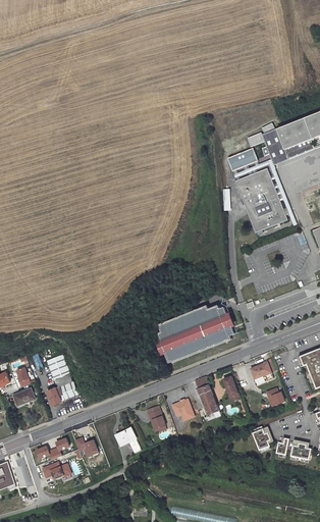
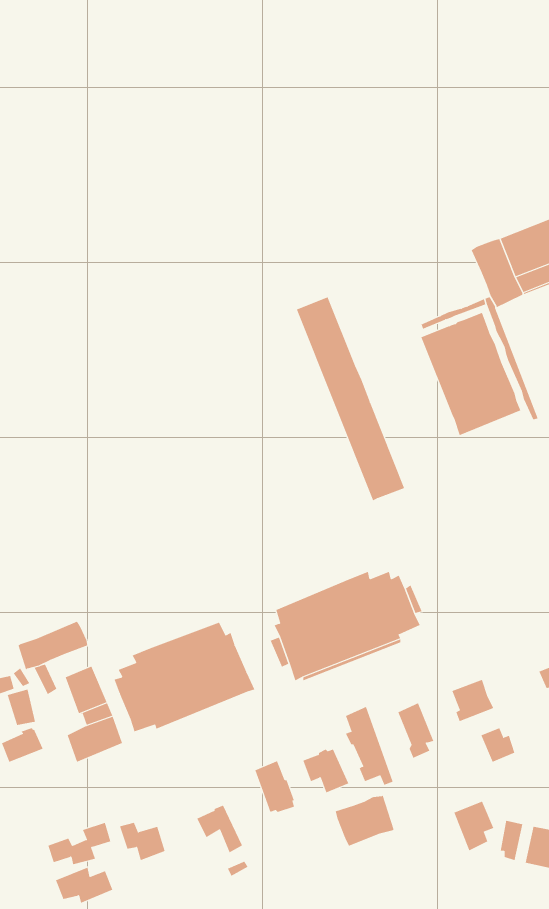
building: [225,148,257,171] -> none
building: none -> [296,297,405,501]
building: none -> [18,621,88,670]
building: none -> [114,622,255,732]
building: none -> [335,794,394,847]

